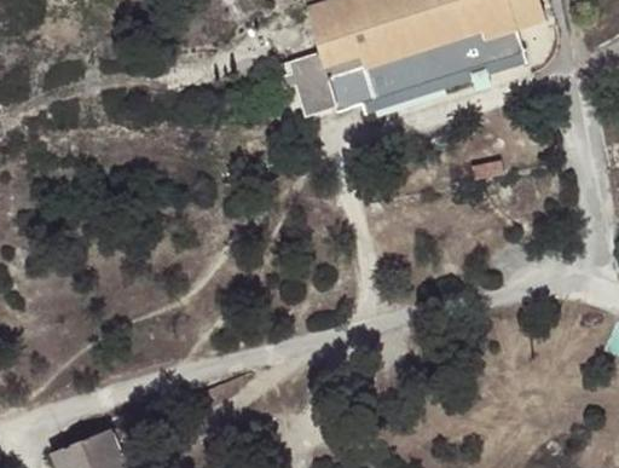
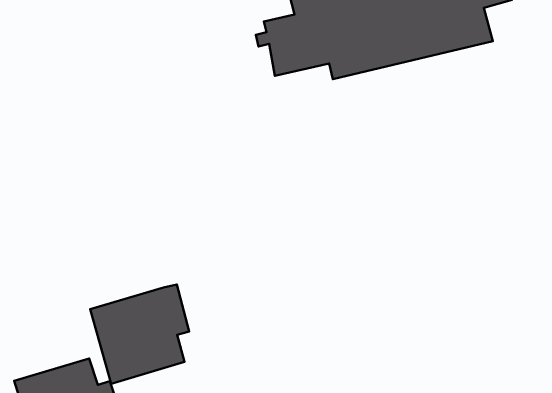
building: none -> [90,284,189,384]

